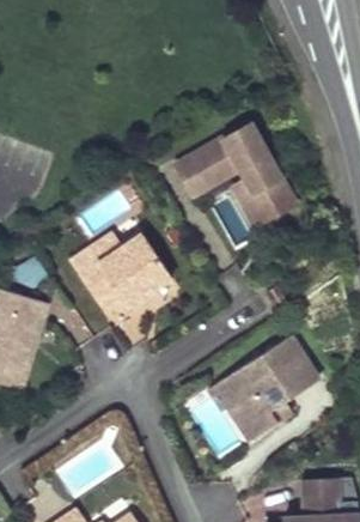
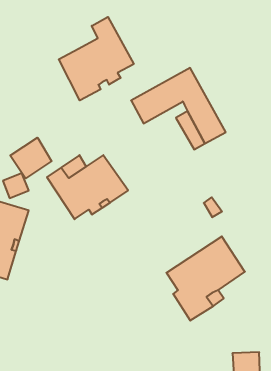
building: none -> [59,17,134,100]
building: none -> [10,138,52,178]

